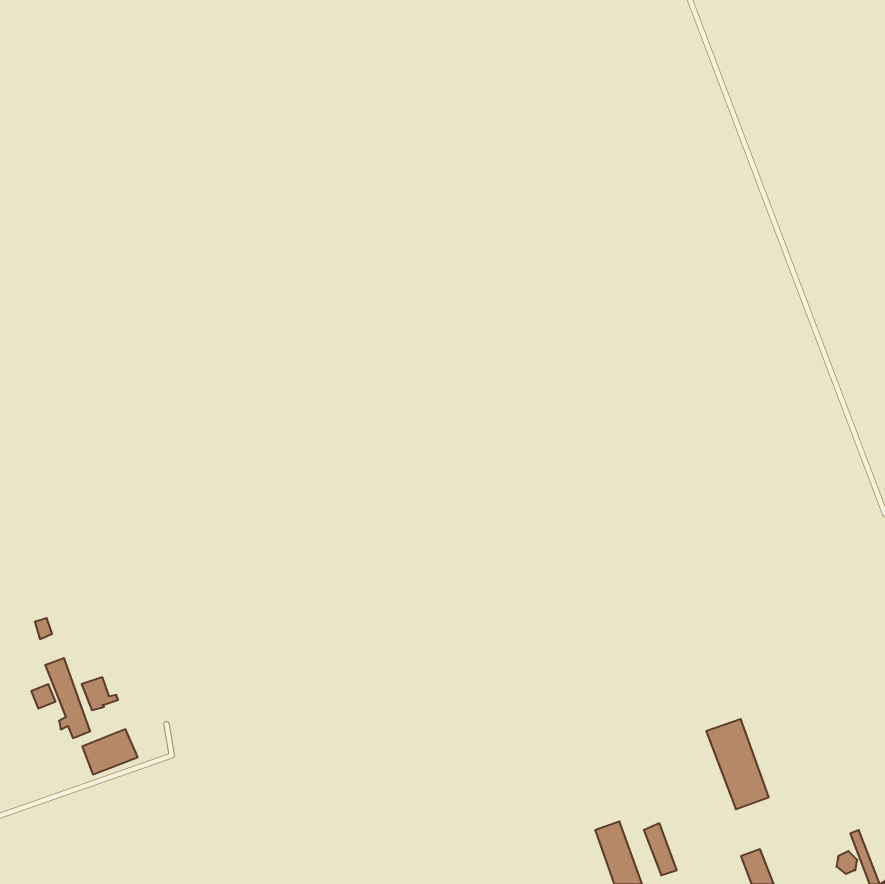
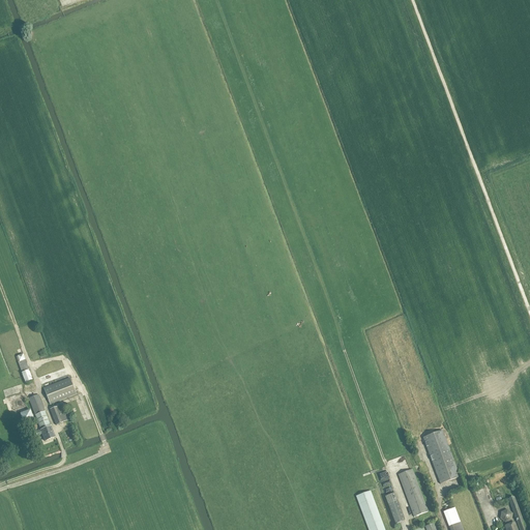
building: [82,729,138,774] -> [42,376,76,403]
building: none -> [396,468,428,516]

